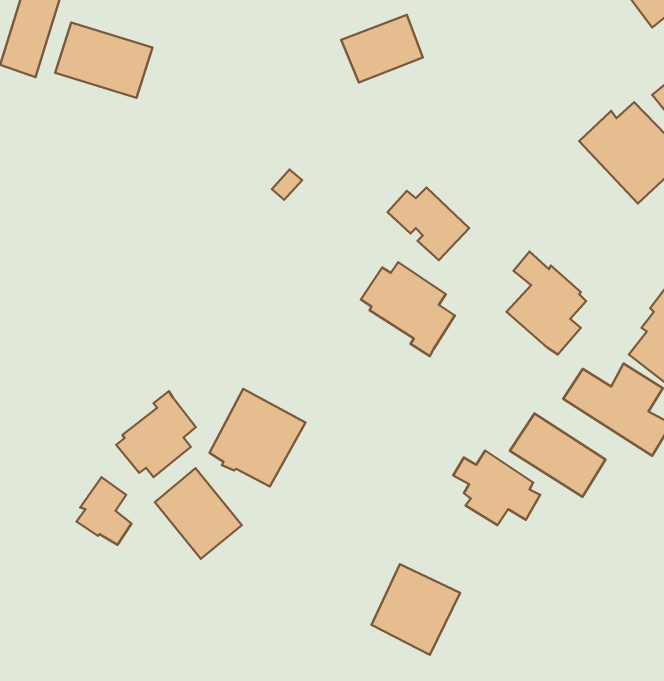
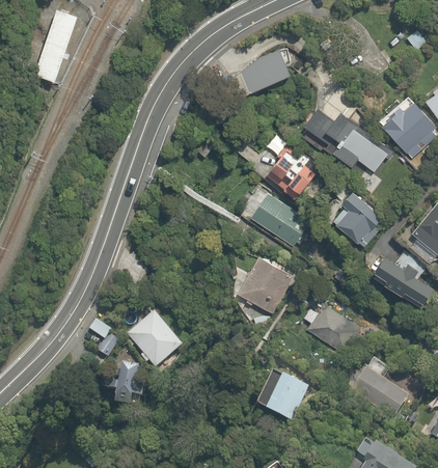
building: [55,23,153,98] -> none
building: none -> [299,107,394,175]
building: [209,389,305,487] -> [239,257,295,314]
building: [116,391,196,477] -> none
building: [510,413,606,497] -> [352,369,408,418]
building: none -> [110,359,138,401]

